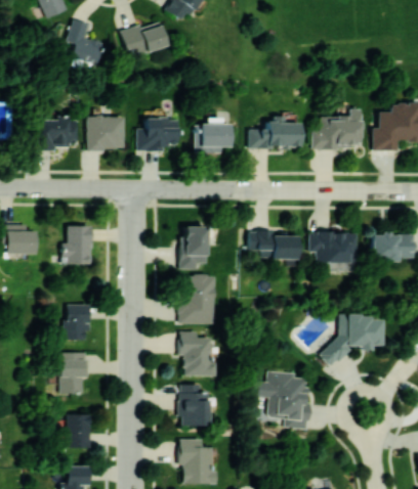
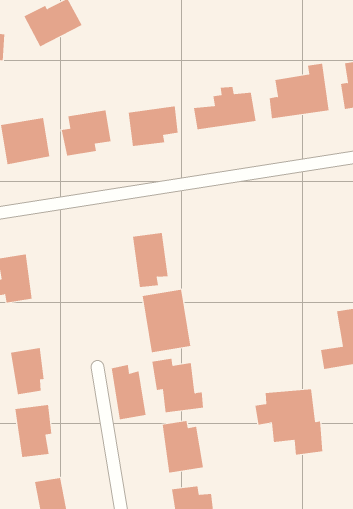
building: [249,231,297,260] -> none
building: [309,231,359,263] -> none
building: none -> [111,364,146,420]

